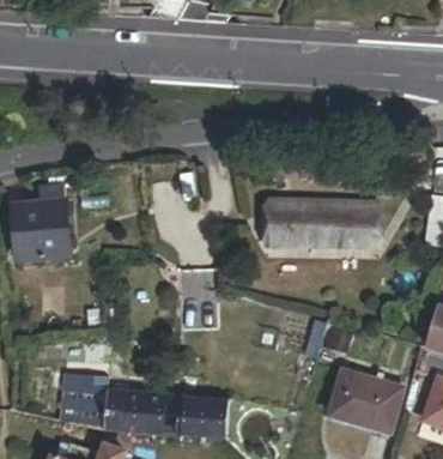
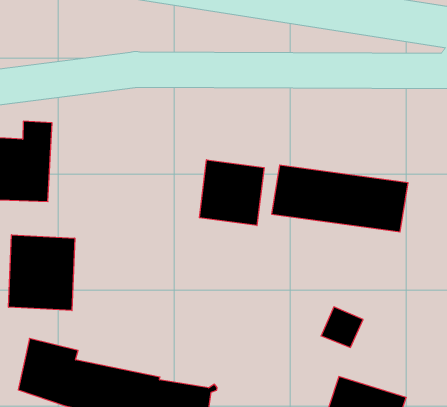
building: none -> [199,160,264,226]
building: none -> [9,235,75,311]

